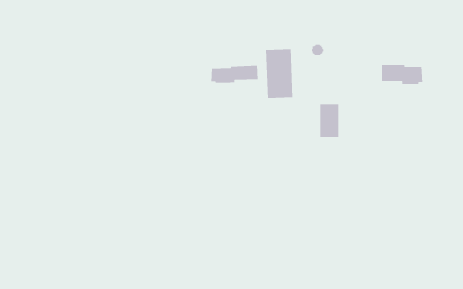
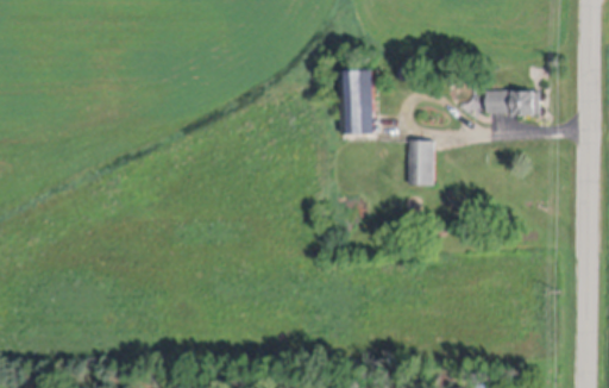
building: [211,65,258,84] -> none

